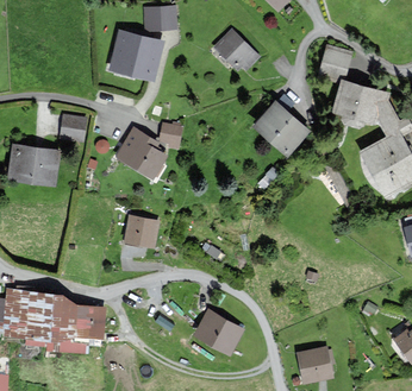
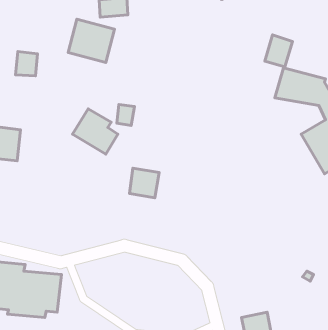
building: [216,30,257,70] -> none
building: [252,102,307,156] -> none
building: [61,114,85,140] -> [16,52,38,76]
building: [125,215,157,247] -> [129,168,159,198]
building: [195,311,241,353] -> none

